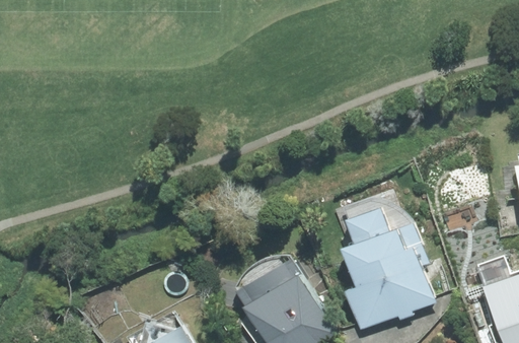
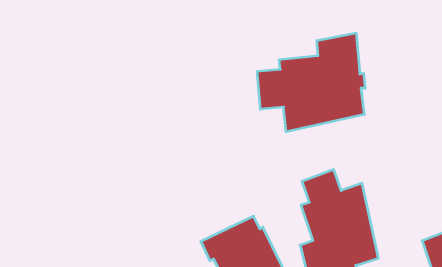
building: none -> [257,33,365,132]

